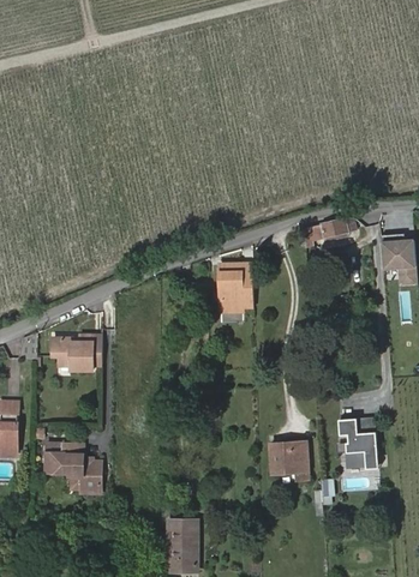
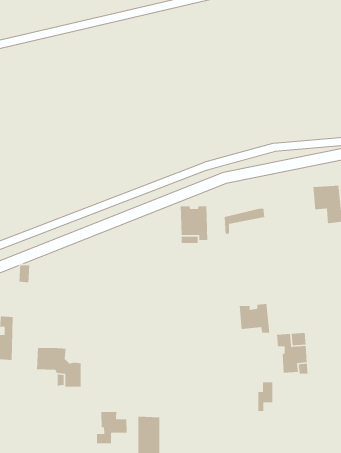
building: [303,221,353,253] -> [224,208,265,234]
building: [52,332,102,366] -> none
building: [269,443,307,480] -> [239,303,270,334]
building: none -> [96,411,128,444]

